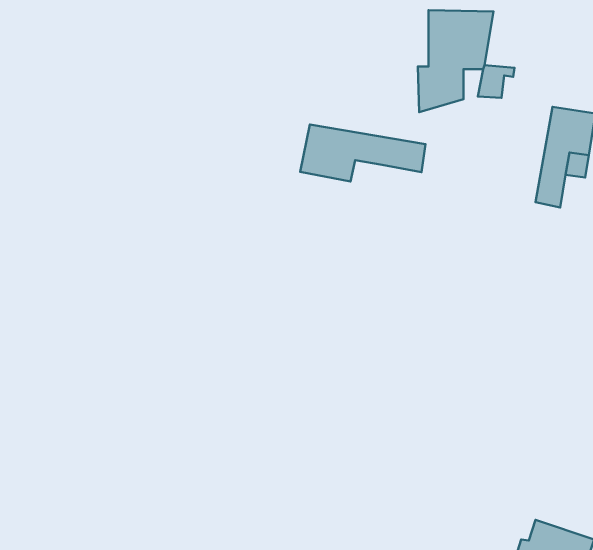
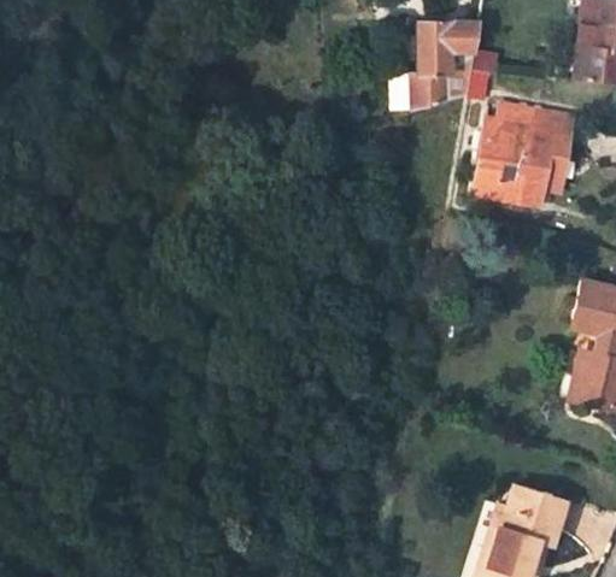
building: none -> [470,101,530,195]
building: [300,124,425,182] -> none

